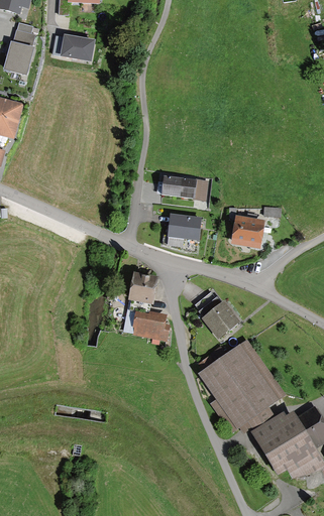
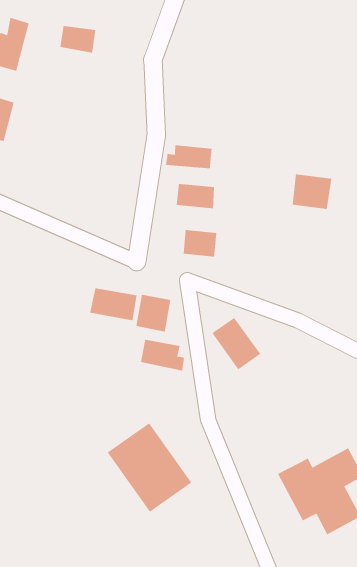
building: none -> [166,145,212,169]
building: [230,215,265,246] -> [292,174,332,210]
building: none -> [90,288,137,321]
building: [203,344,278,422] -> [107,423,192,513]

